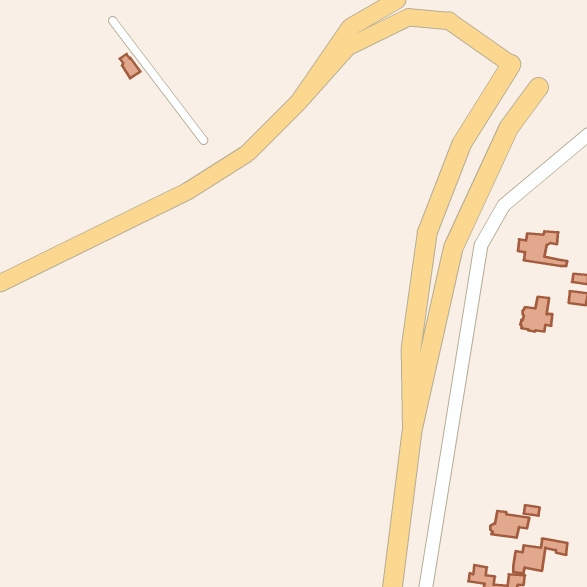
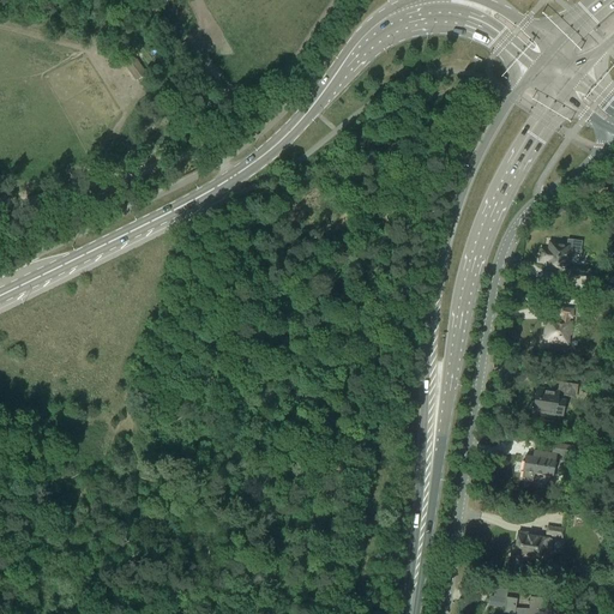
building: none -> [532,385,578,419]
building: [513,539,567,573] -> [524,445,580,481]

